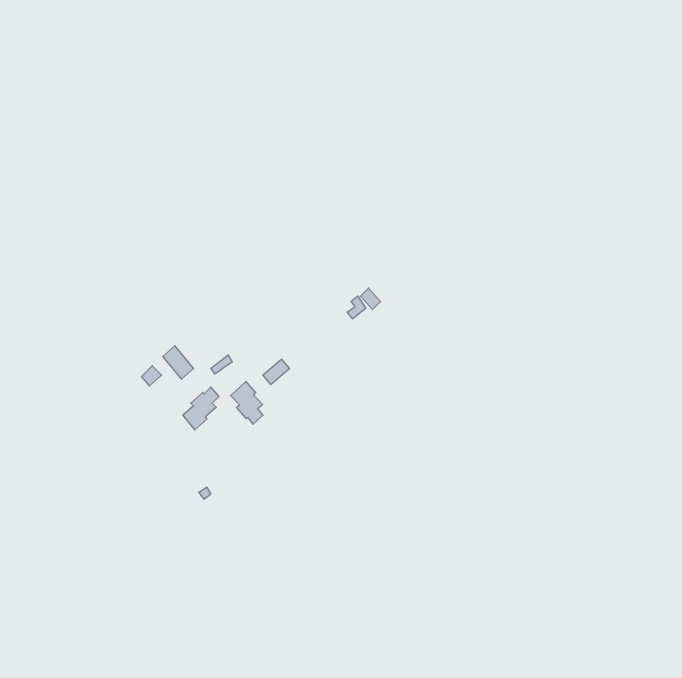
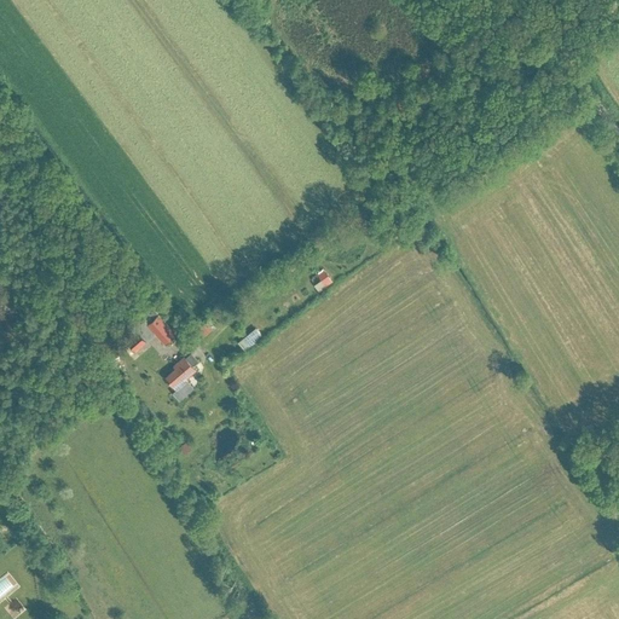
building: [231,381,263,424] -> none

